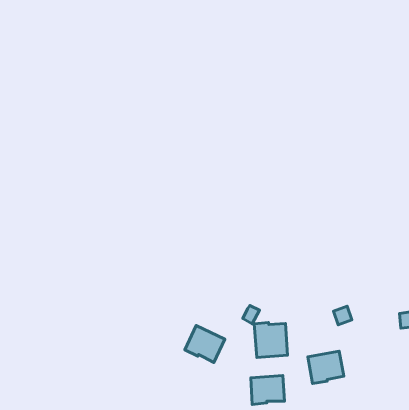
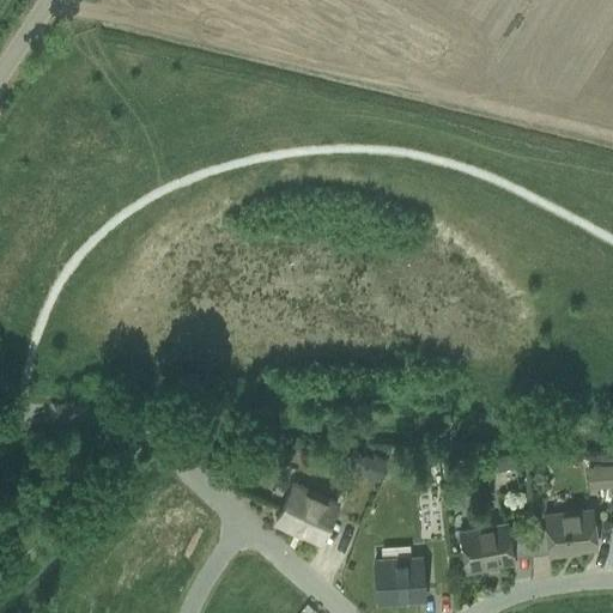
building: [254,323,288,358] -> none
building: none -> [546,510,597,556]

